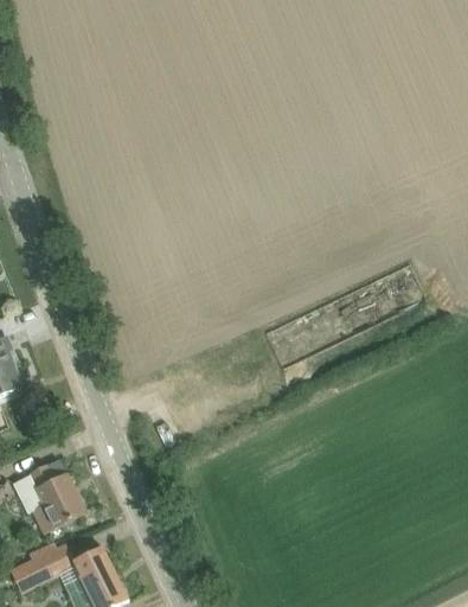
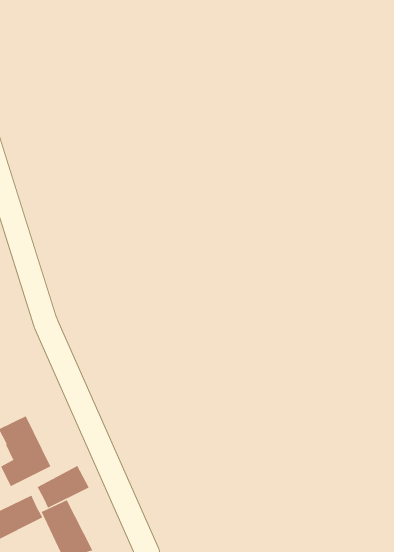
building: none -> [37,465,89,509]

